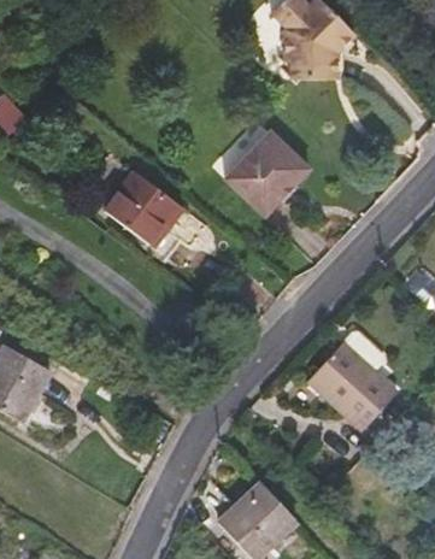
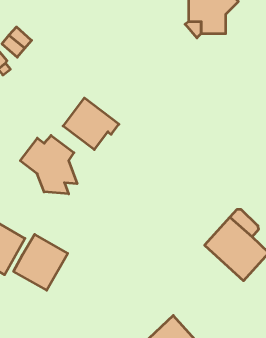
building: [224,130,308,216] -> none
building: none -> [20,135,77,194]
building: none -> [14,234,68,290]

